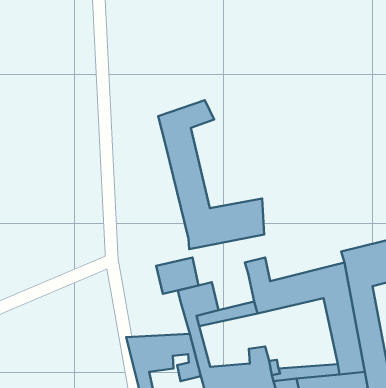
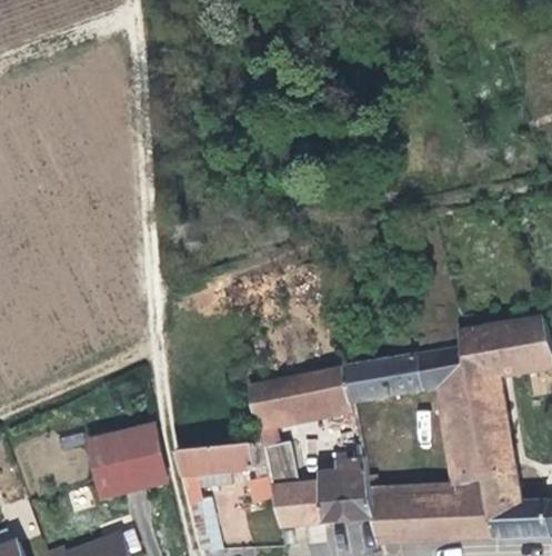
building: [158,100,264,249] -> none
building: [156,257,198,294] -> [288,364,343,411]
building: none -> [89,426,169,496]

